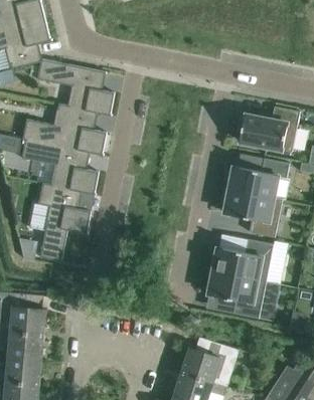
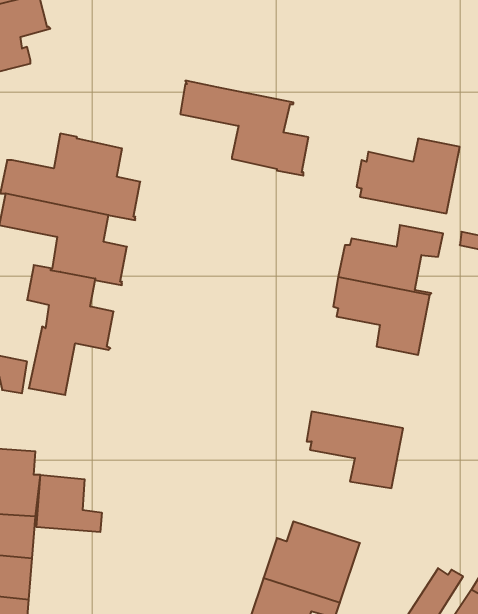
building: [37,59,115,117] -> [180,81,308,176]
building: [210,239,274,281] -> none
building: none -> [36,475,102,532]

